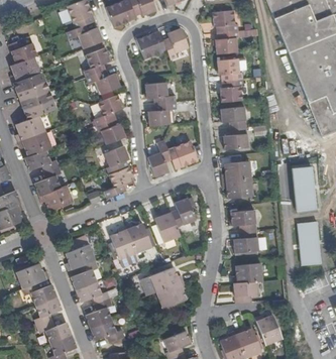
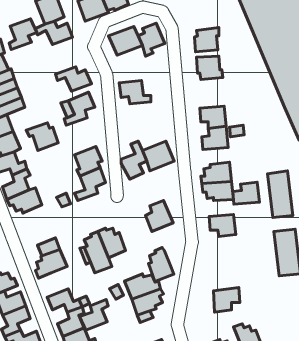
building: [216,11,241,35] -> none
building: [84,47,110,77] -> [9,19,37,49]
building: [222,80,246,103] -> none
building: [149,103,178,126] -> none
building: [96,118,126,144] -> [26,123,58,150]
building: [156,208,181,240] -> [148,248,174,281]
building: [234,229,259,250] -> [233,182,259,204]
building: [72,259,99,288] -> [80,300,108,330]
building: [236,262,266,282] -> none

